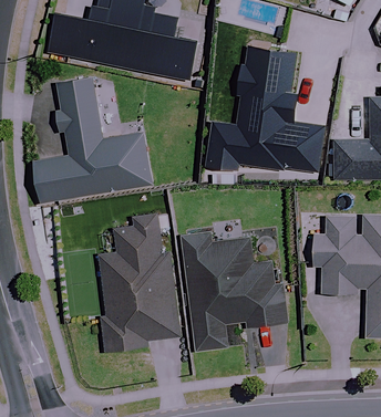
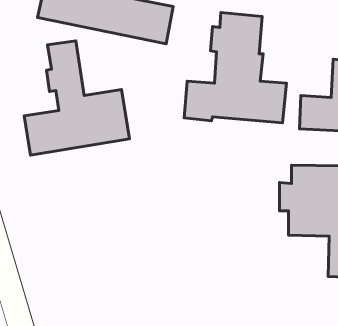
building: [101,216,179,350] -> none
building: [185,220,286,348] -> none

